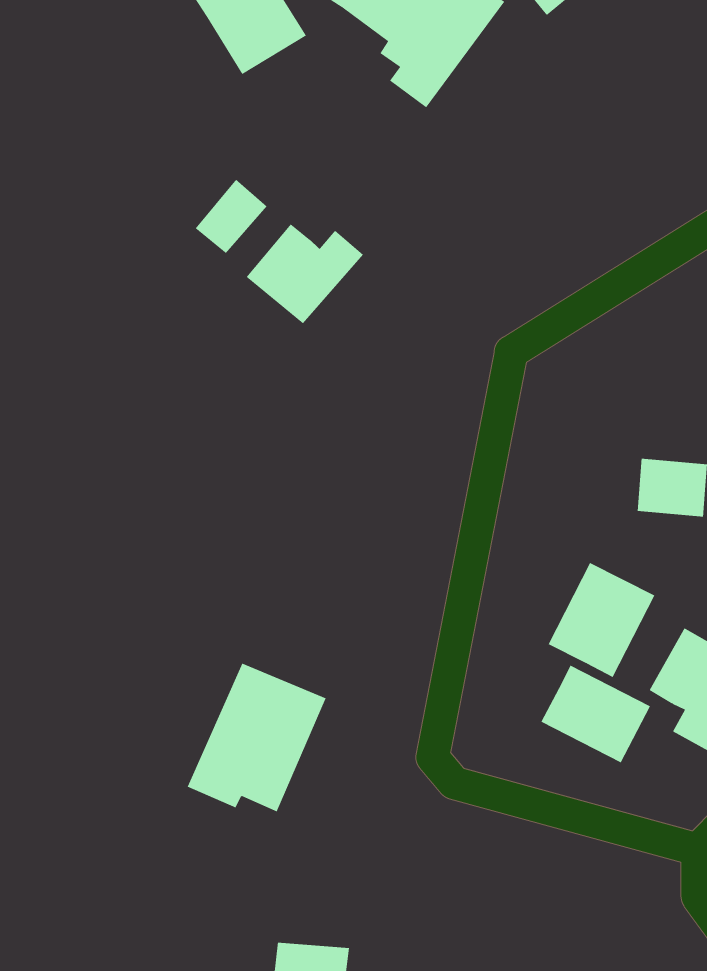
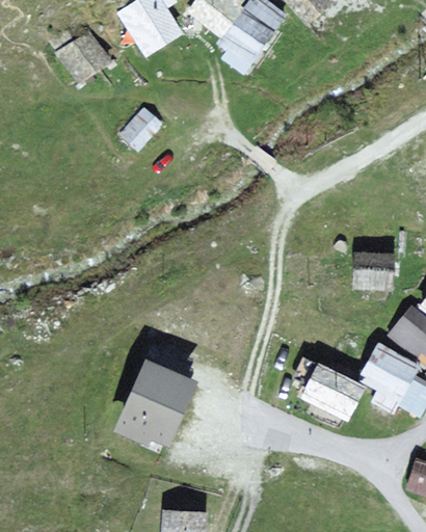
building: none -> [60,33,107,80]
building: [246,224,364,324] -> none
building: [548,562,655,678] -> none

